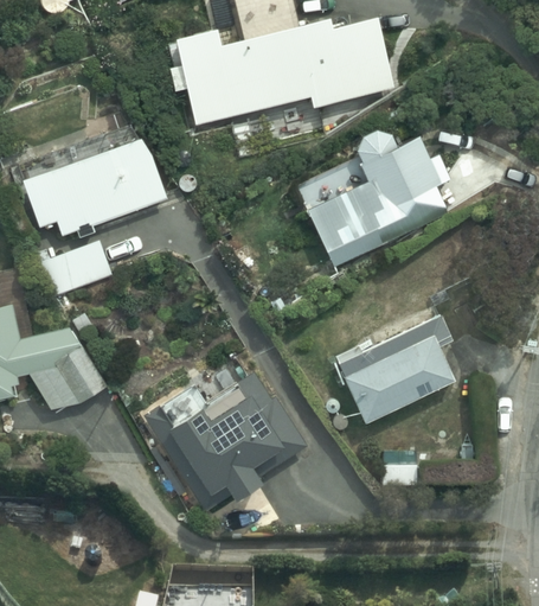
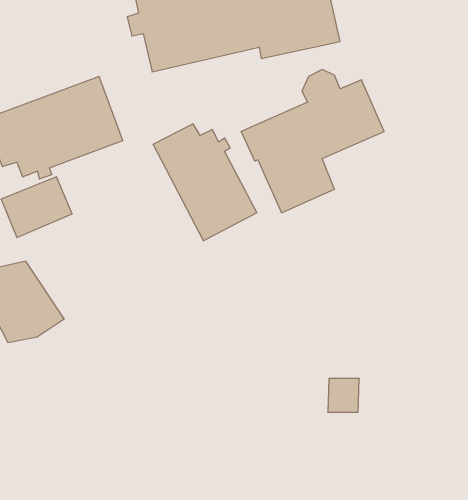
building: none -> [153,124,257,241]
building: [335,319,454,427] -> none
building: [143,364,307,506] -> none

